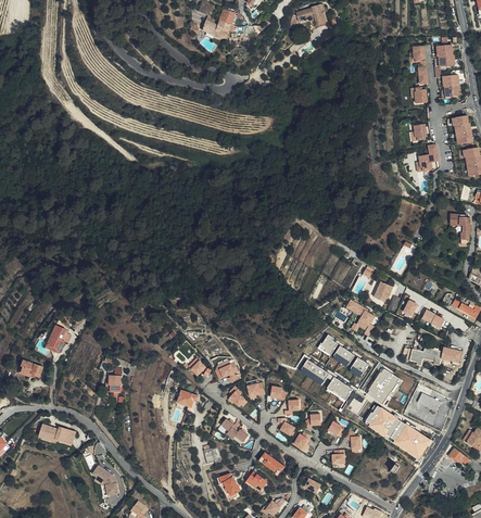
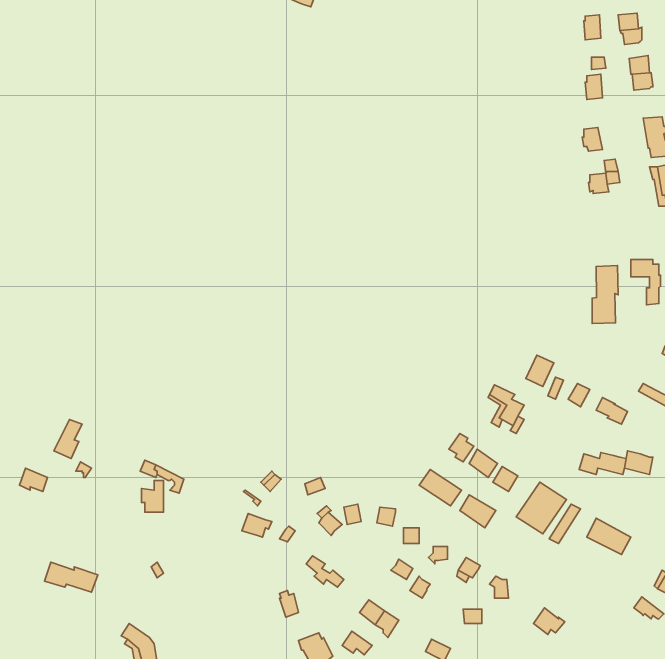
building: none -> [592,265,618,323]
building: [366,404,432,459] -> none

